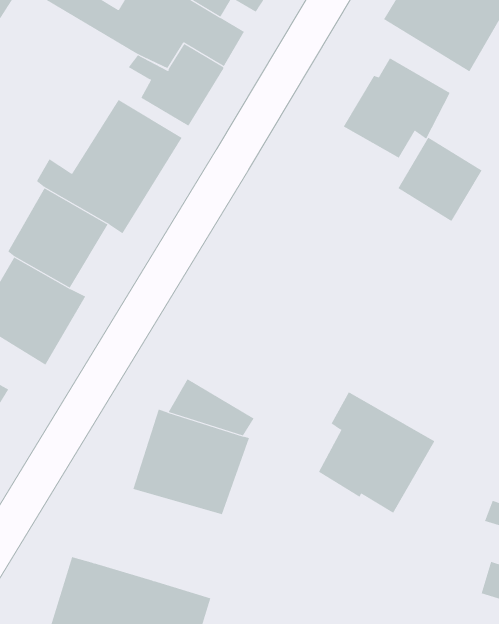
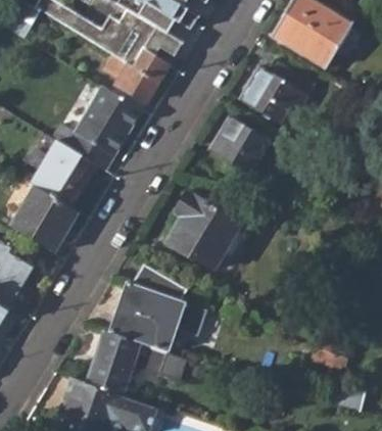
building: [397,137,482,222] -> [214,121,269,175]
building: [318,392,435,513] -> [168,192,242,270]
building: none -> [87,330,169,391]

